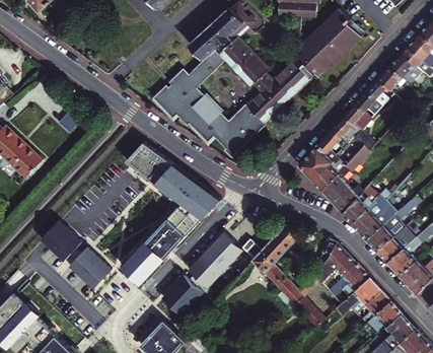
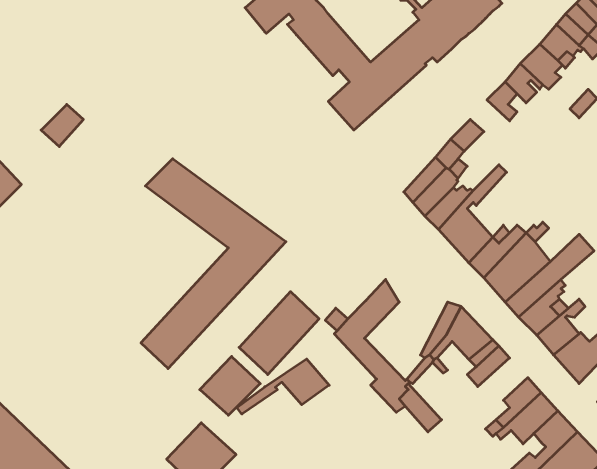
building: [154,46,266,156] -> none
building: [343,103,373,152] -> none
building: [40,220,81,262] -> none
building: [68,246,111,289] -> none
building: [335,277,381,315] -> none
building: none -> [237,359,329,414]

